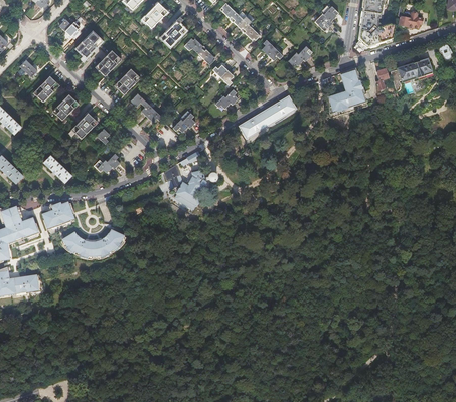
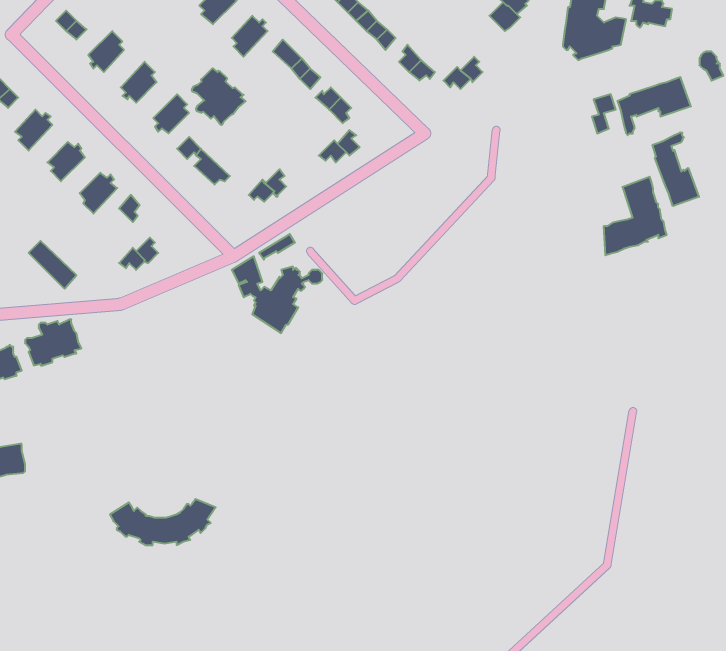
building: none -> [192,68,246,125]
building: [328,67,365,114] -> [604,177,667,255]
building: none -> [653,132,699,206]
building: [240,95,296,138] -> none
building: [62,230,125,257] -> [110,499,216,545]

